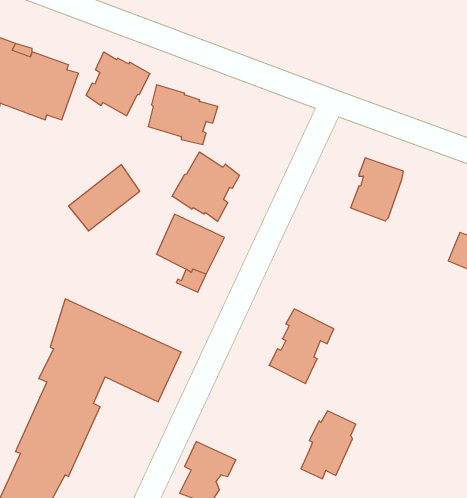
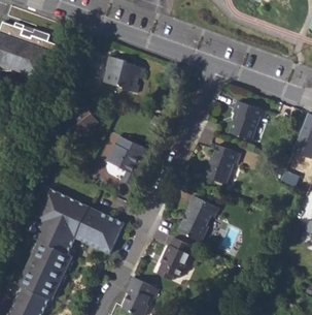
building: [86,52,150,116] -> none
building: [172,152,239,221] -> none
building: none -> [203,145,239,184]
building: [301,411,356,479] -> [157,238,190,280]

